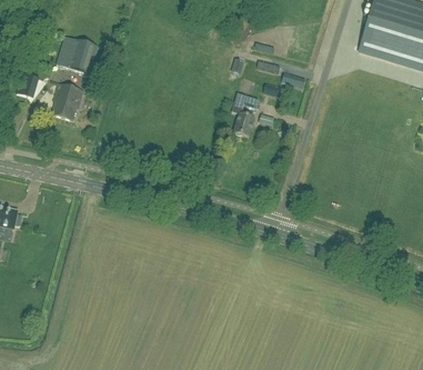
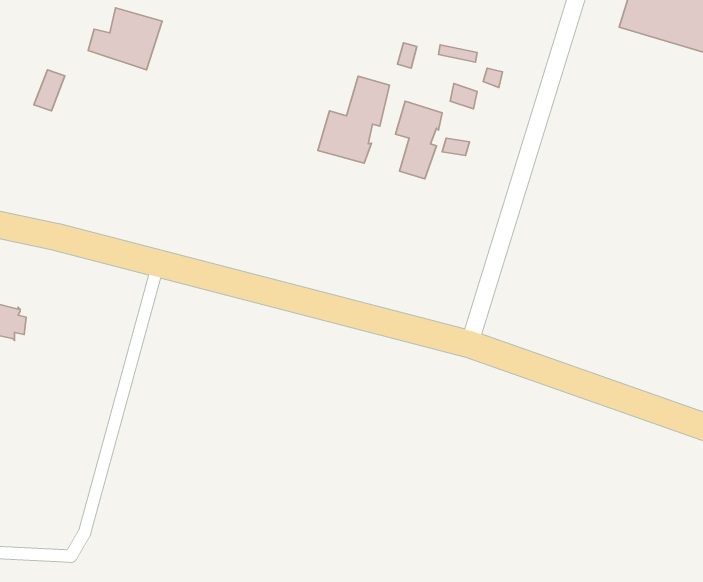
building: none -> [318,76,389,163]
building: [53,82,83,119] -> none

